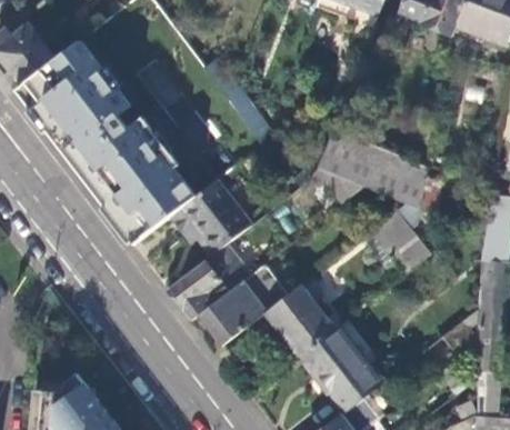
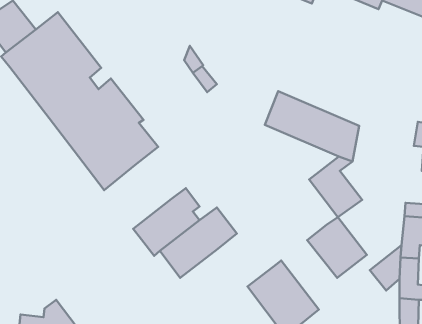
building: [169,179,252,254] -> none
building: [264,286,333,356] -> [307,217,367,278]

